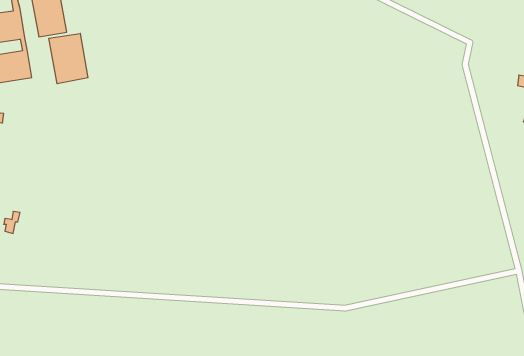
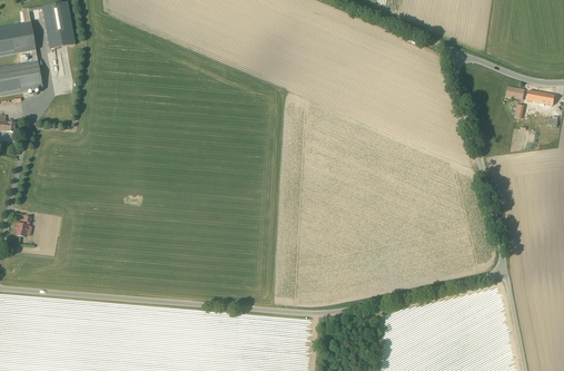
building: [49,33,88,84] -> none

